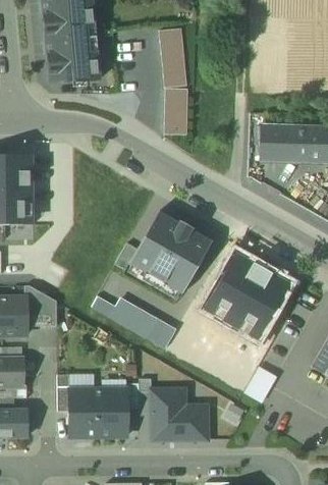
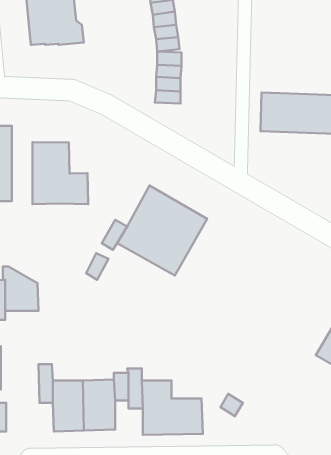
building: none -> [32,142,88,204]
building: [203,252,288,338] -> none
building: [92,295,175,347] -> none
building: [243,367,275,401] -> none

